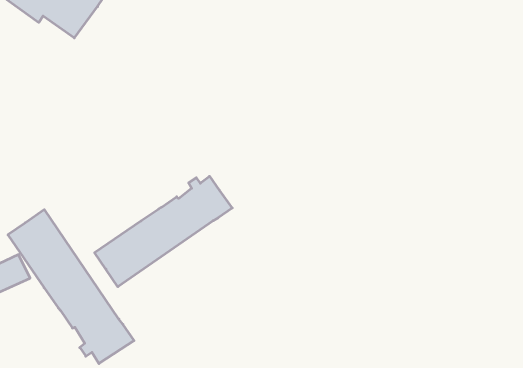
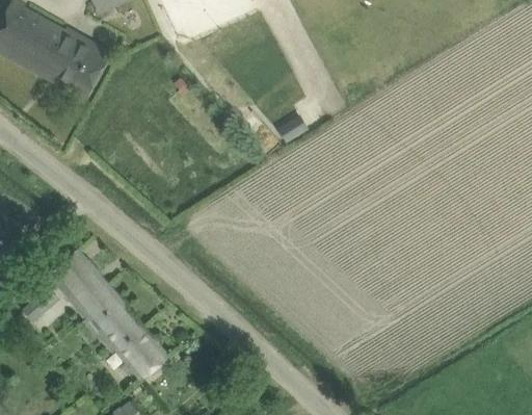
building: [95,176,232,287] -> none

